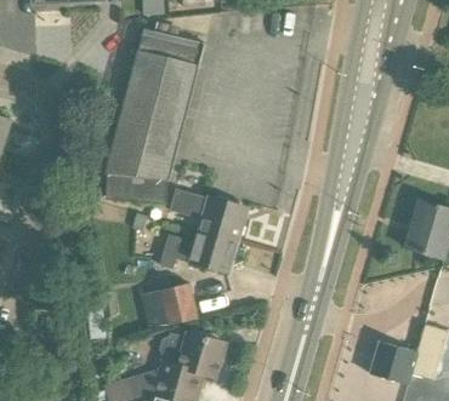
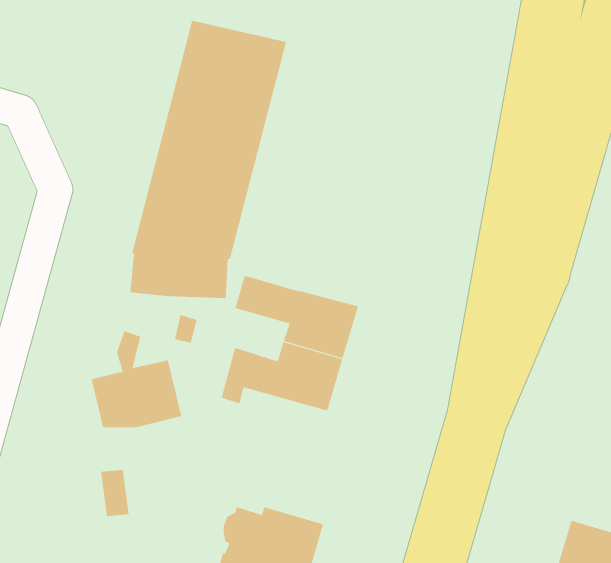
building: [141,264,198,325] -> [91,331,182,428]

